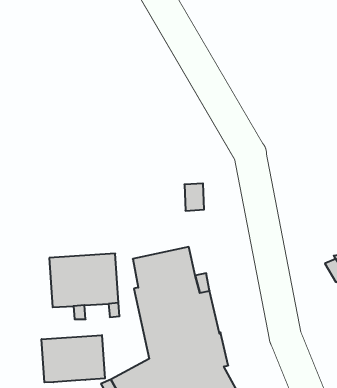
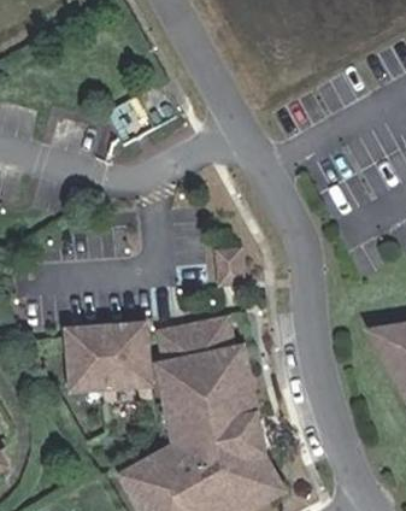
building: [42,335,105,382] -> none

